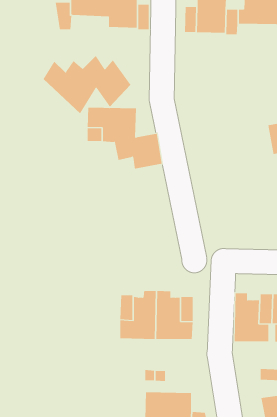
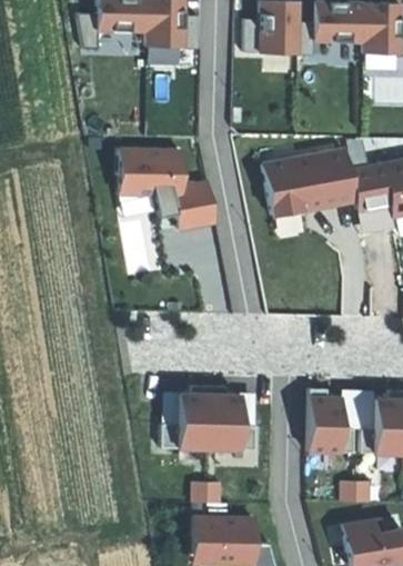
building: [43,55,131,114] -> none
building: none -> [262,148,354,216]

